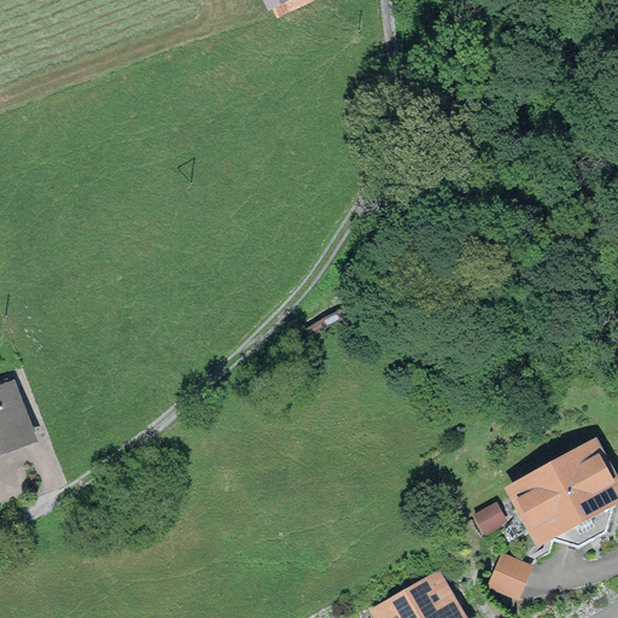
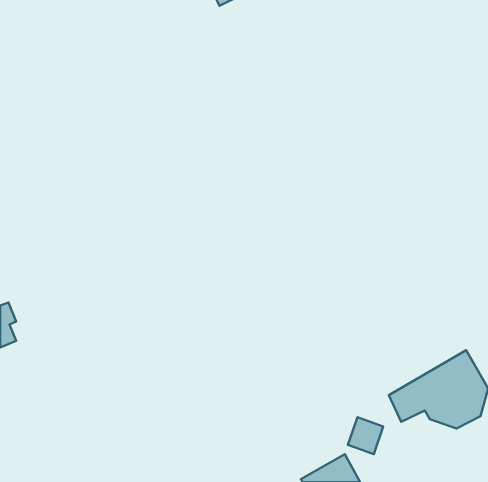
building: [490,546,535,593] -> [348,417,383,454]

